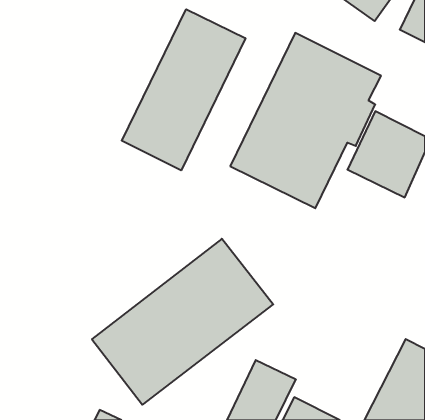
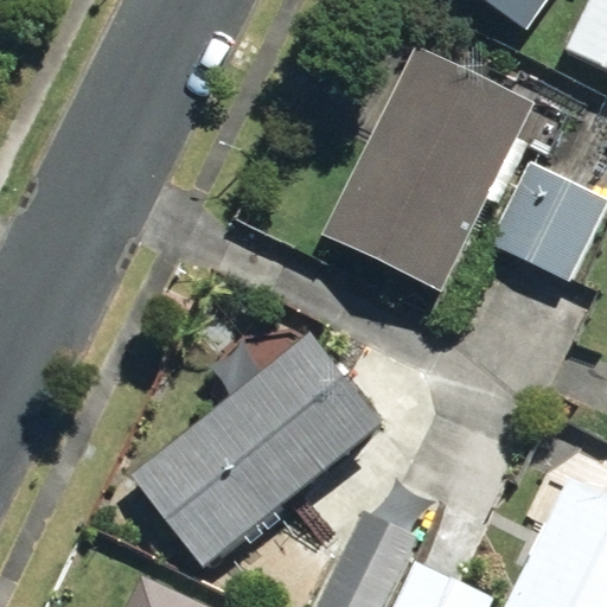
building: [122,9,245,170] -> none

